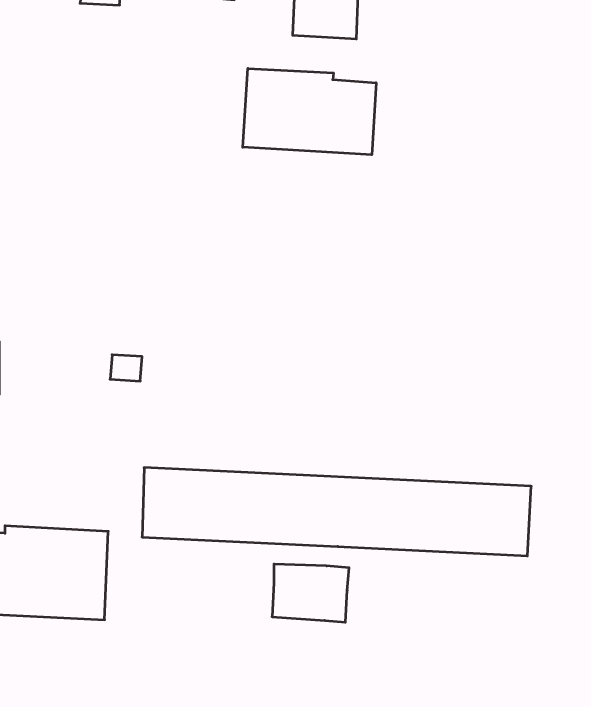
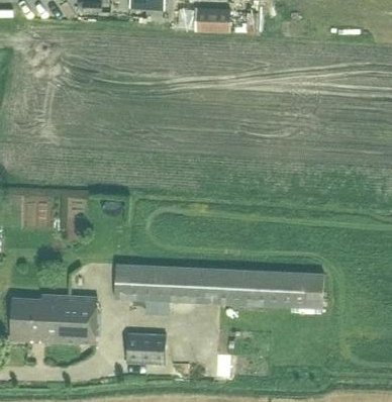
building: [243,68,376,155] -> none
building: [272,564,349,622] -> [125,335,167,367]

